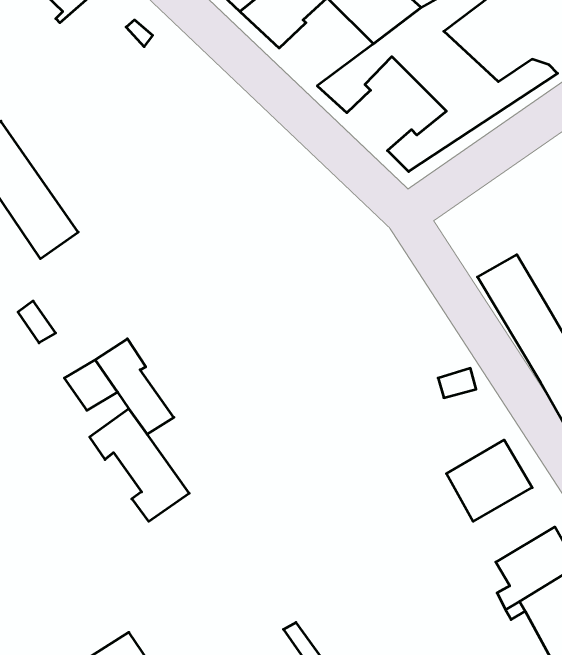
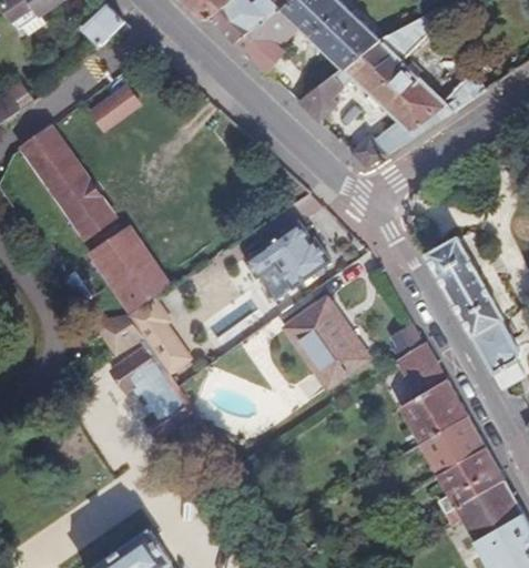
building: none -> [85,90,133,133]
building: none -> [80,220,162,310]
building: none -> [244,220,329,286]
building: none -> [286,300,367,386]
building: none -> [397,343,445,394]
building: none -> [420,416,485,475]

